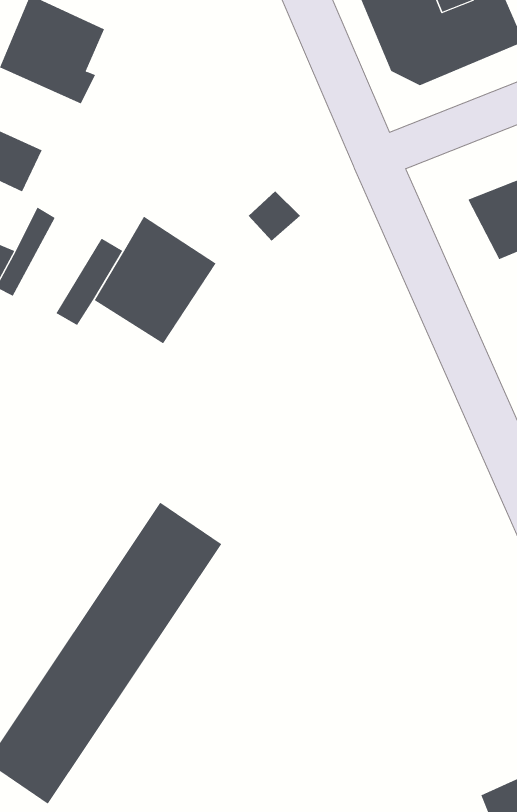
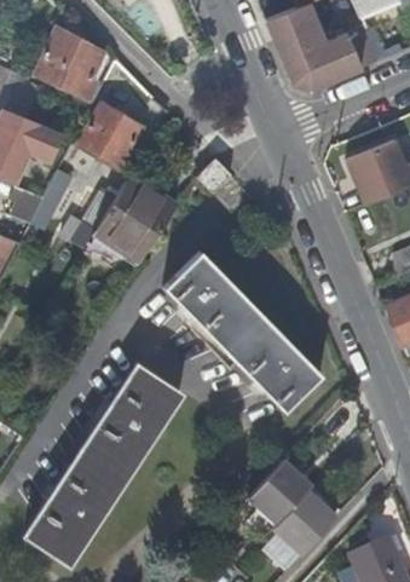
building: none -> [77,105,142,169]
building: none -> [163,253,322,411]
building: none -> [249,457,337,553]

